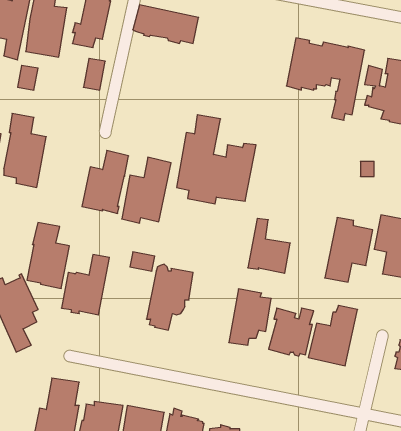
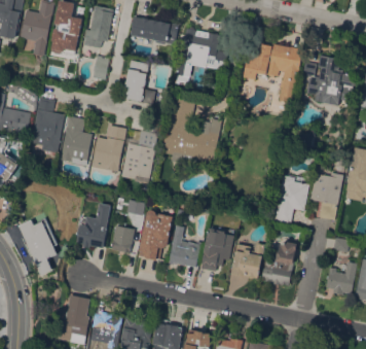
building: none -> [175,27,227,82]
building: none -> [122,60,155,104]
building: [248,218,290,273] -> [168,225,199,267]
building: [27,223,69,288] -> [60,116,92,166]
building: none -> [111,225,134,253]

